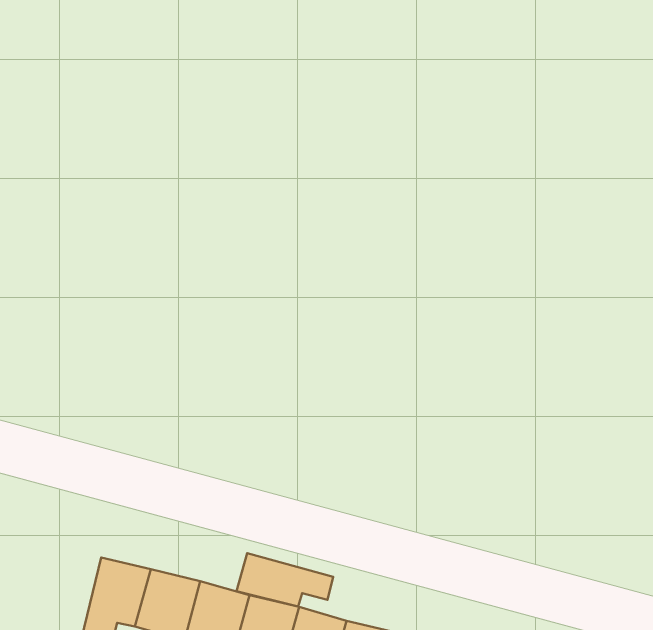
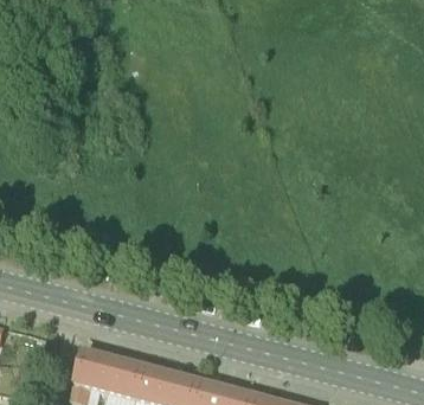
building: [236,553,333,607] -> none

